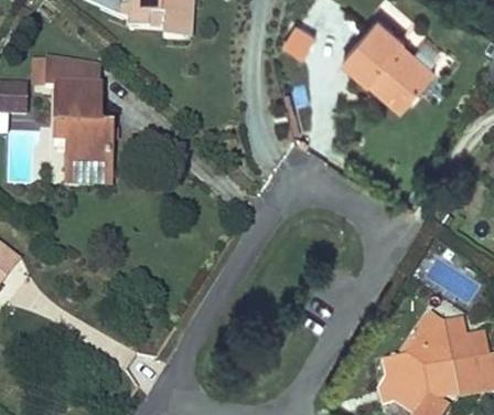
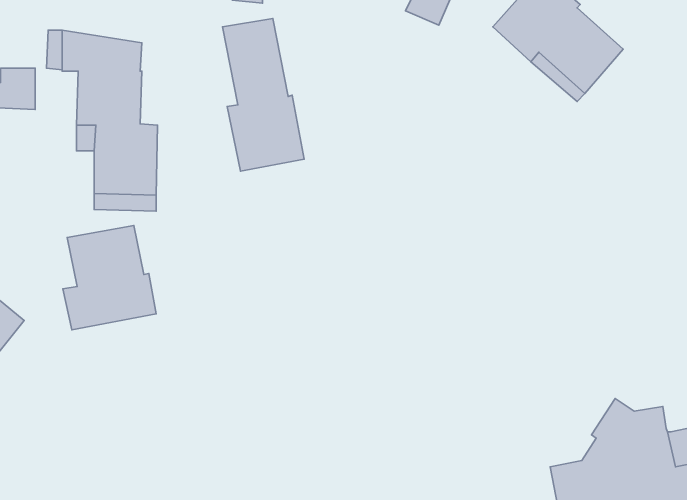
building: none -> [223,19,304,171]
building: none -> [63,225,156,330]

